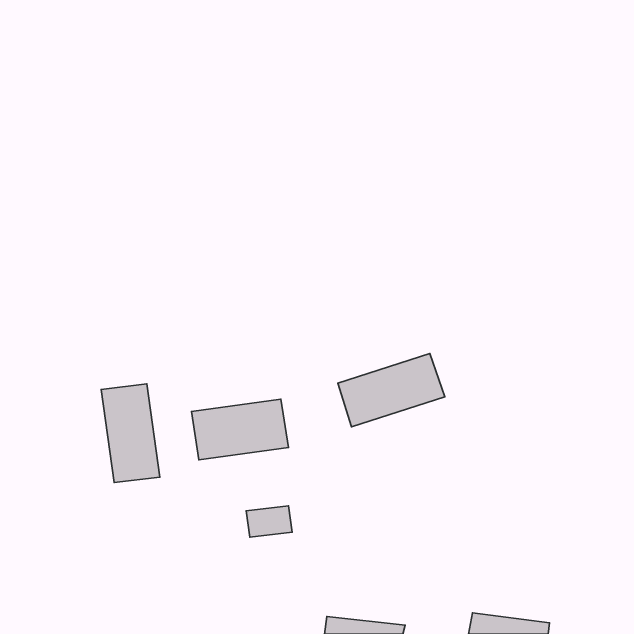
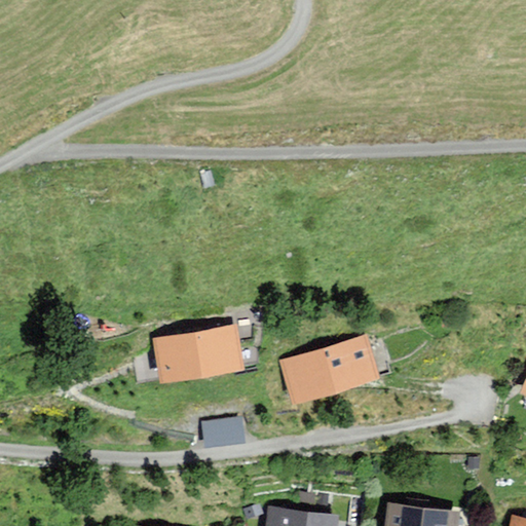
building: [338,353,445,427] -> [286,339,374,400]
building: [101,384,160,483] -> none

